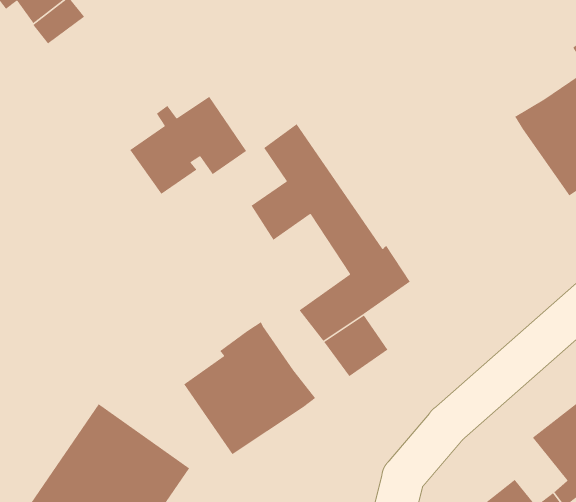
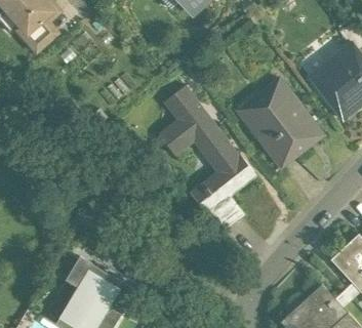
building: [129,96,247,195] -> none
building: none -> [236,77,319,166]
building: [183,321,316,455] -> none

